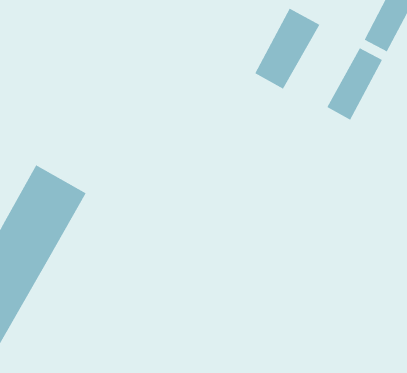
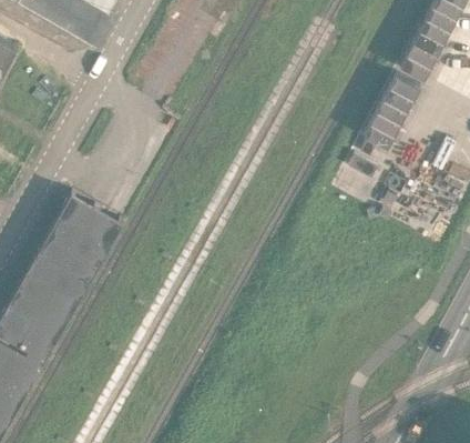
building: [254,8,320,90] -> none

